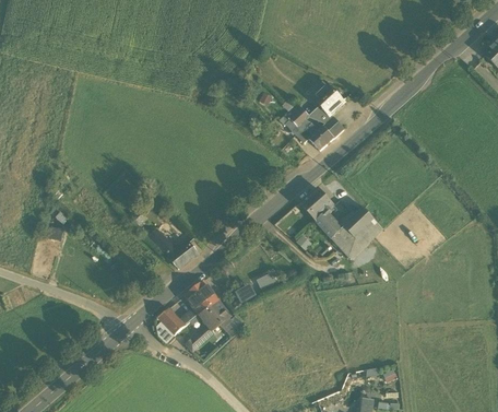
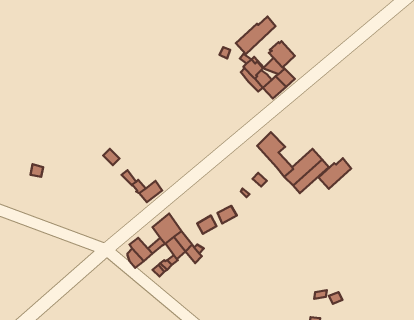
building: none -> [236,17,276,54]
building: none -> [318,158,351,189]

